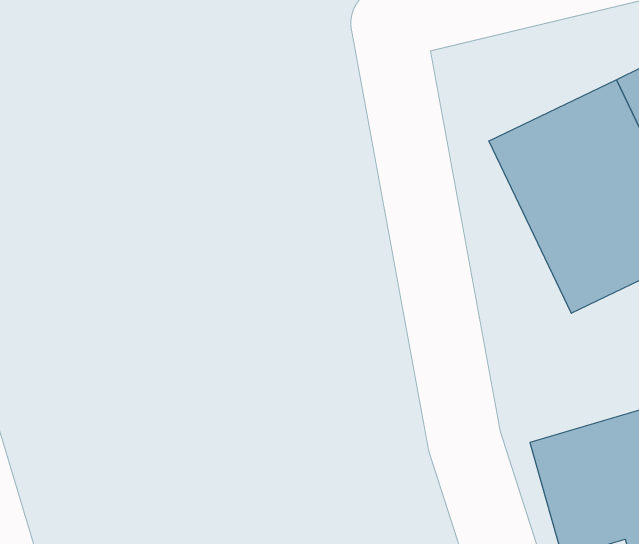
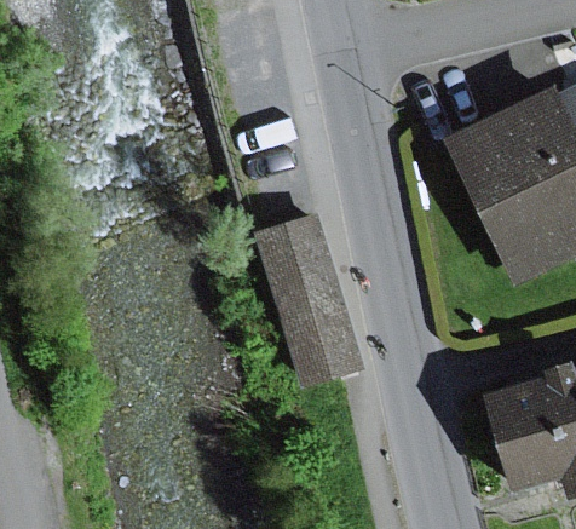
building: none -> [269,213,369,379]

